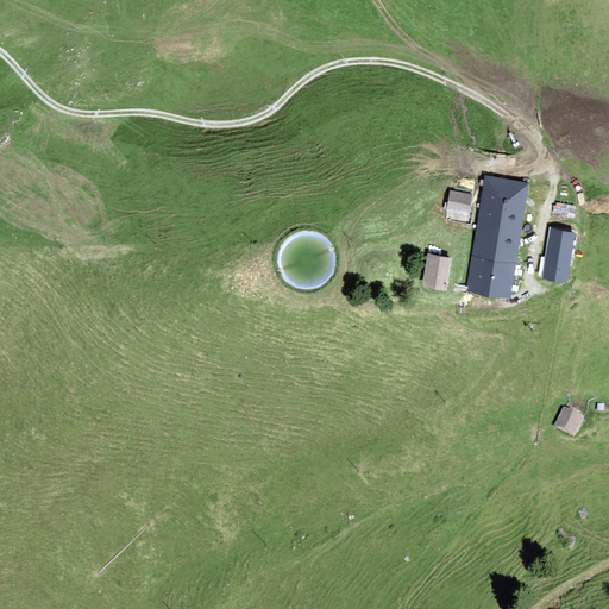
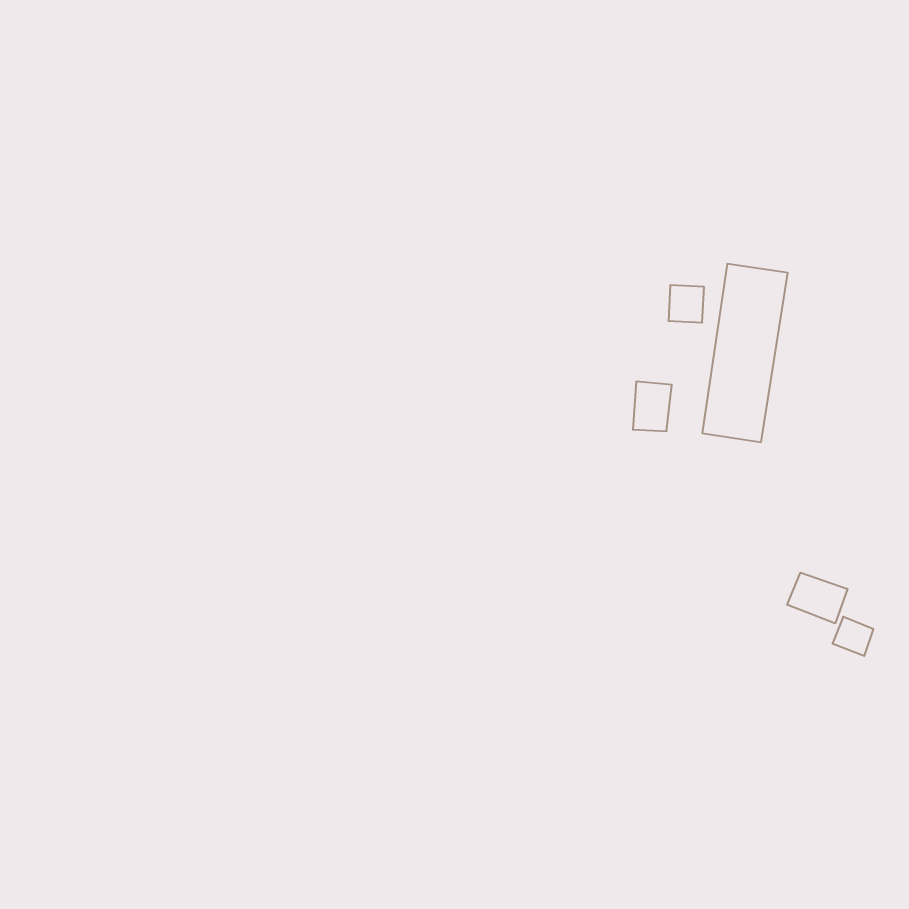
building: [544,230,573,281] -> none
building: none -> [787,573,847,623]

